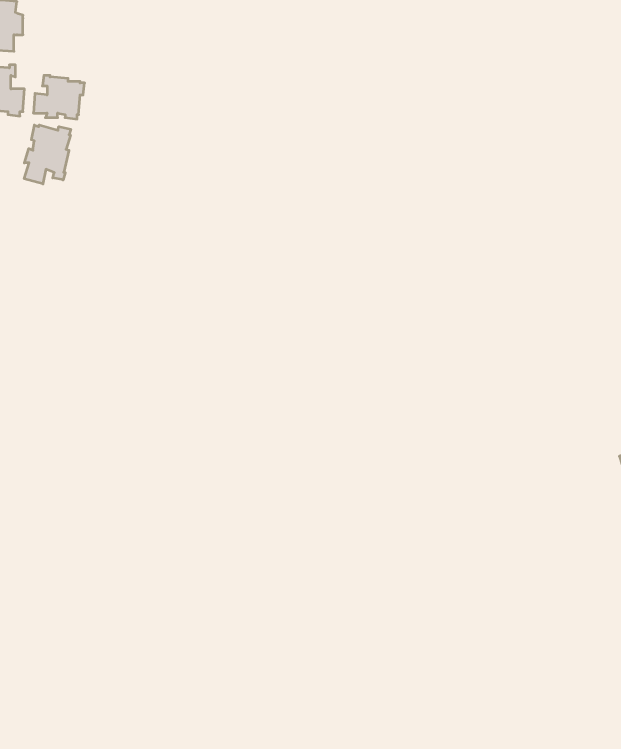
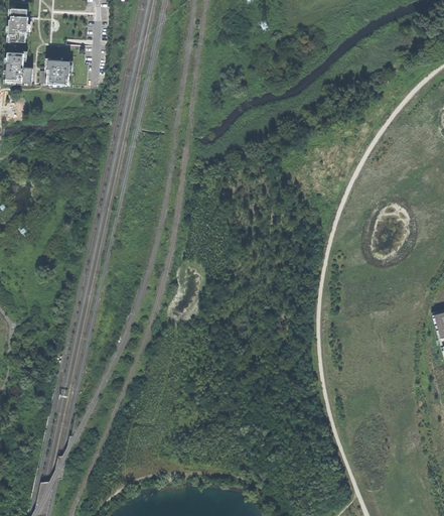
building: [24,125,71,184] -> none

